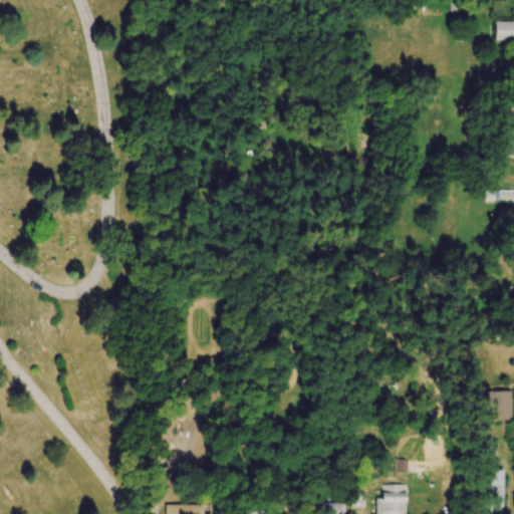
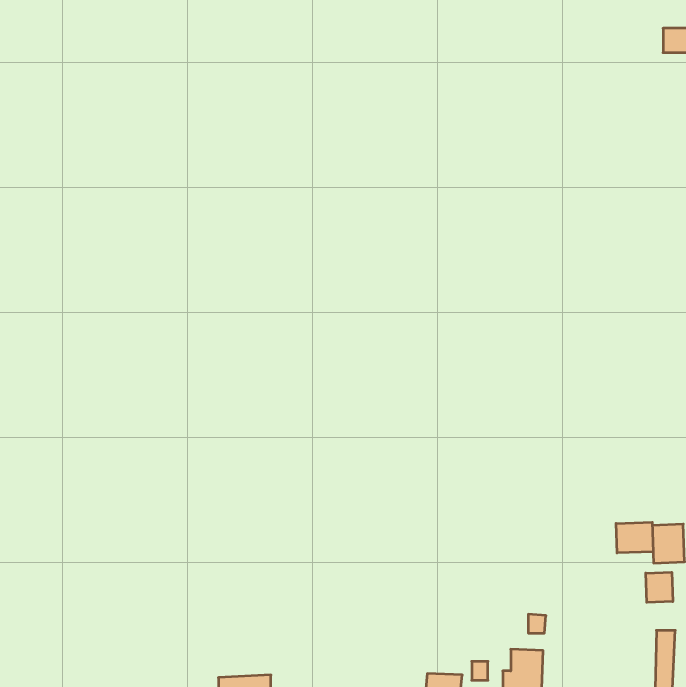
building: none -> [616,522,653,553]
building: none -> [646,572,673,602]

